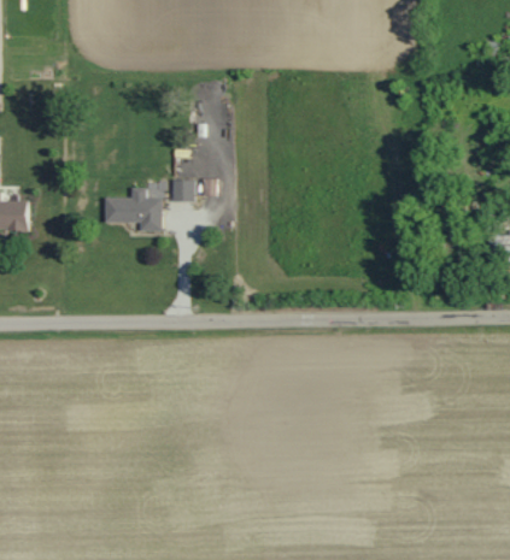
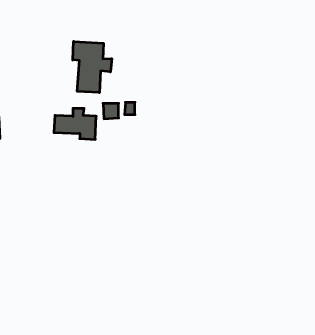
building: none -> [73,41,112,93]

